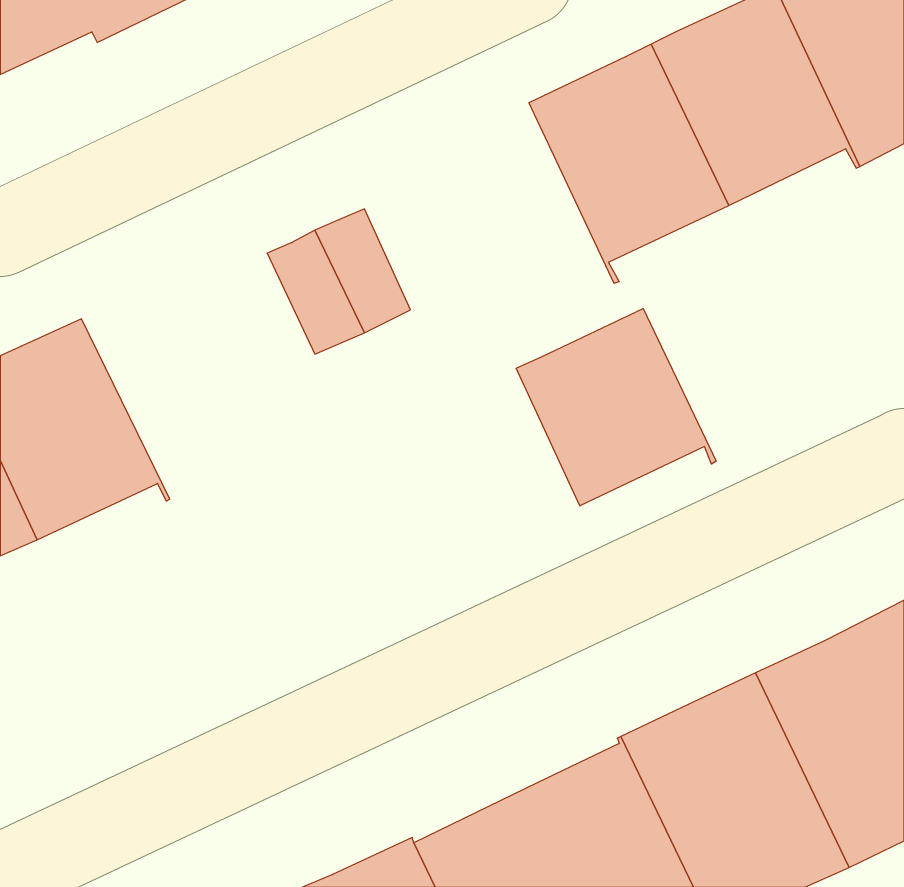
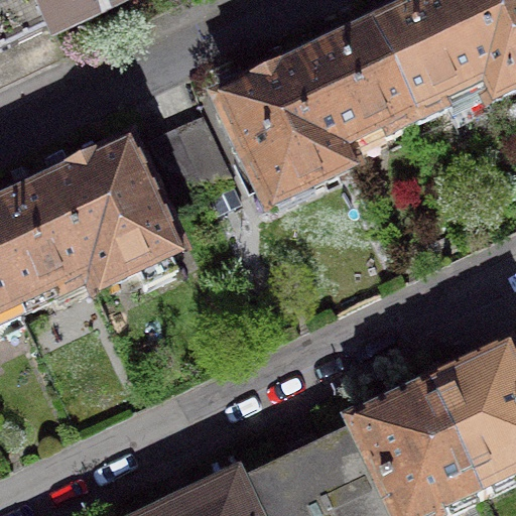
building: none -> [219,58,350,201]
building: none -> [46,142,178,284]
building: [516,308,716,506] -> none

